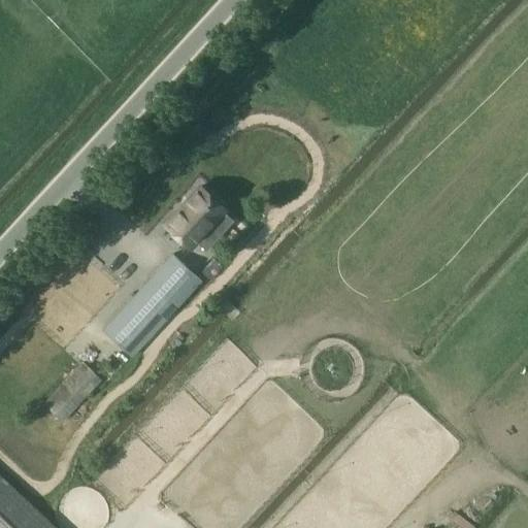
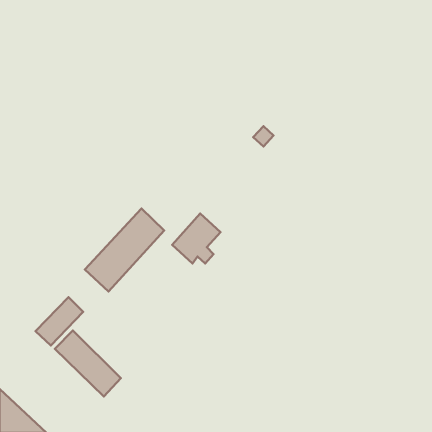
building: [166,188,225,249] -> [172,213,220,263]
building: none -> [55,330,121,396]

